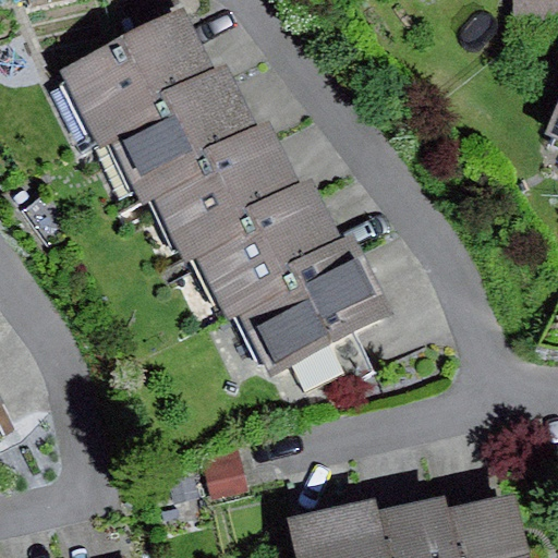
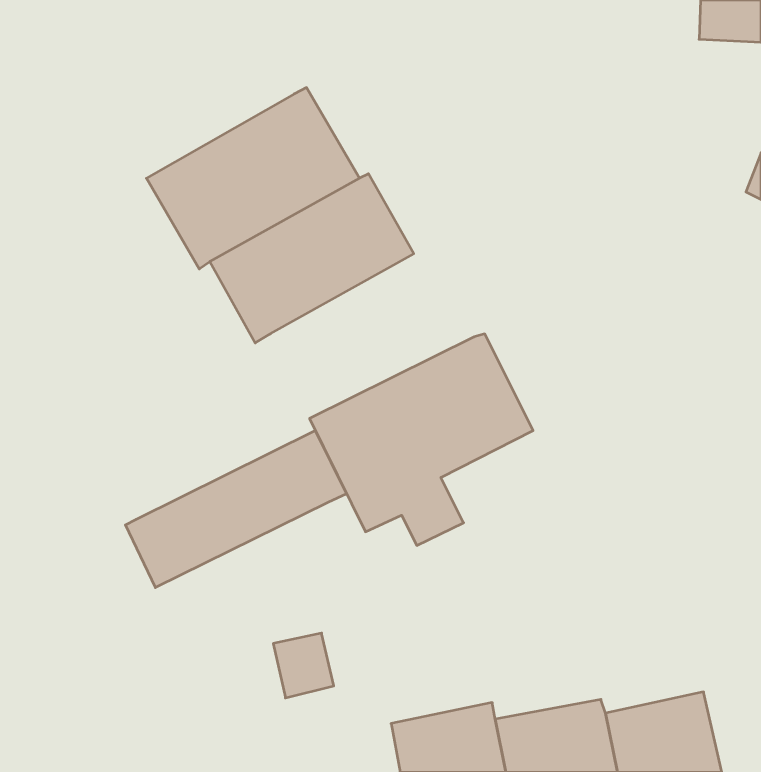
building: [59,7,213,138] -> none
building: [195,179,342,302] -> none
building: none -> [125,430,347,588]

